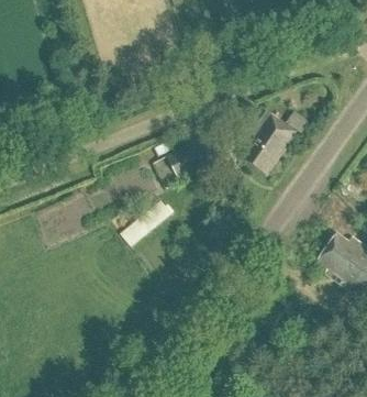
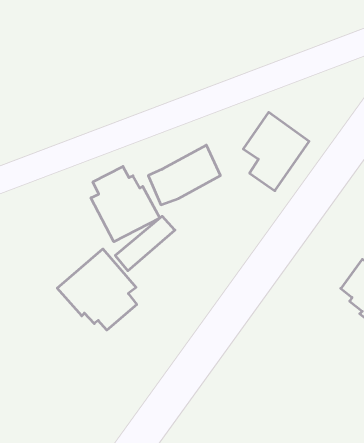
building: none -> [91,166,160,242]
building: none -> [57,249,137,330]

